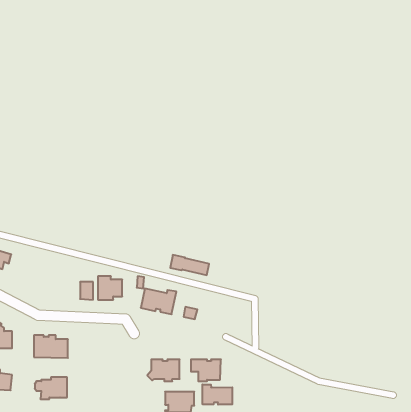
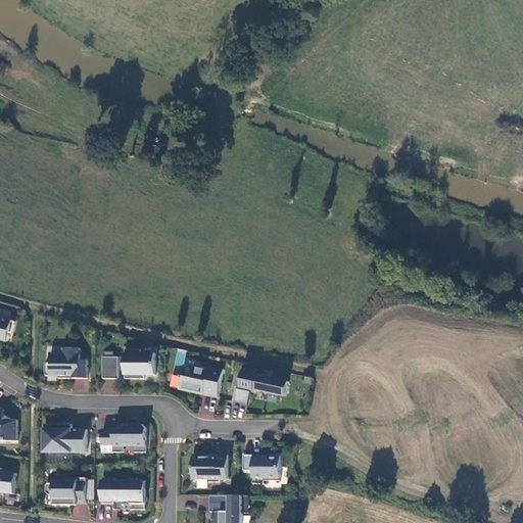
building: [170,255,209,275] -> [239,371,288,396]
building: none -> [43,347,86,378]
building: none -> [101,425,145,453]
building: none -> [100,478,145,510]
building: [202,384,232,405] -> none

